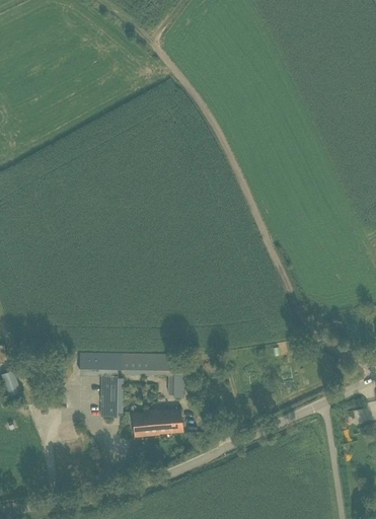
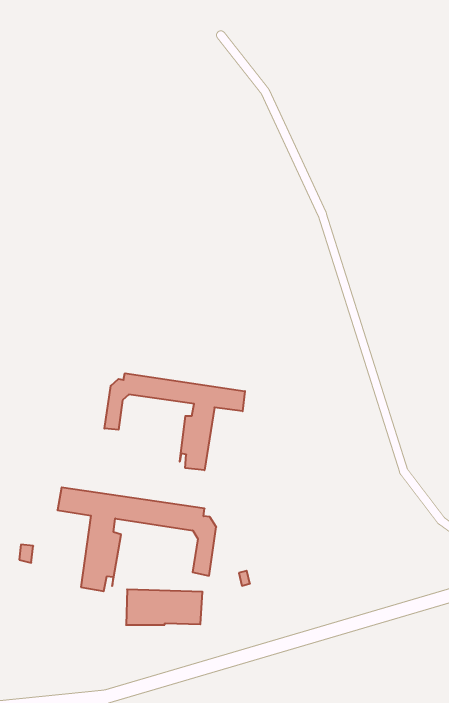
building: none -> [104,373,245,470]

